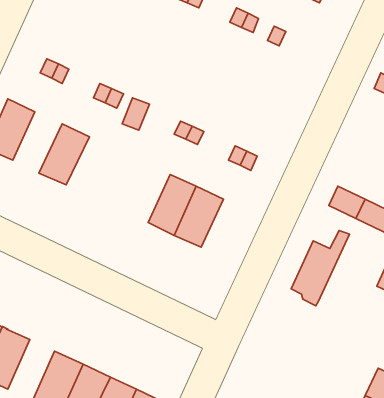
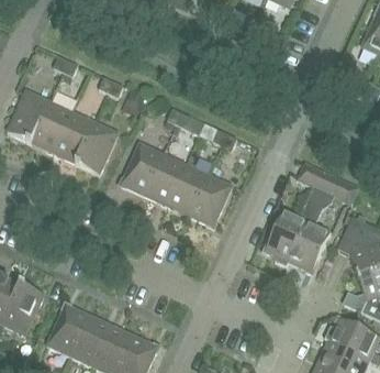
building: none -> [30,100,71,152]
building: none -> [75,121,118,173]
building: none -> [120,142,163,194]
building: none -> [189,174,232,226]
building: none -> [288,204,331,272]

